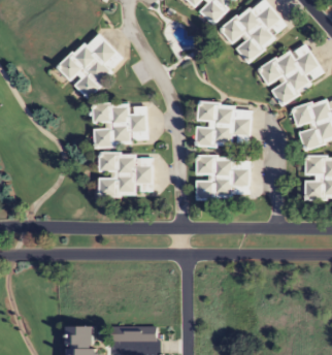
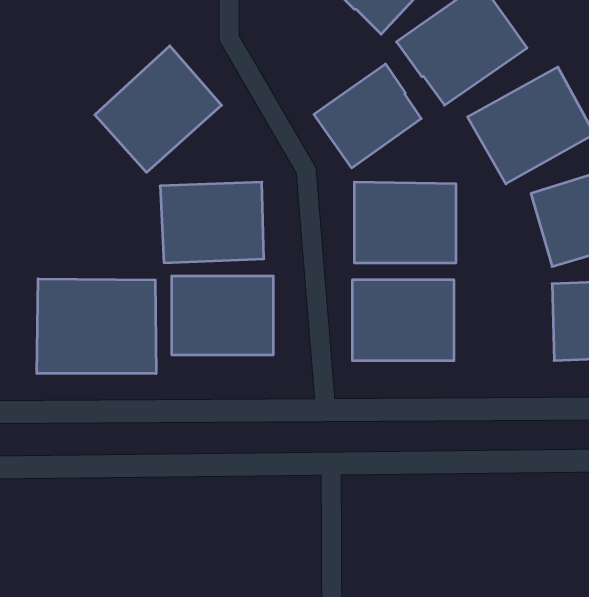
building: none -> [314,64,421,168]
building: none -> [37,279,156,374]

